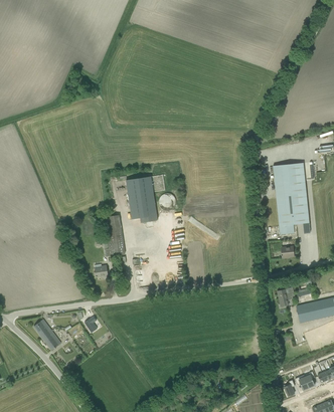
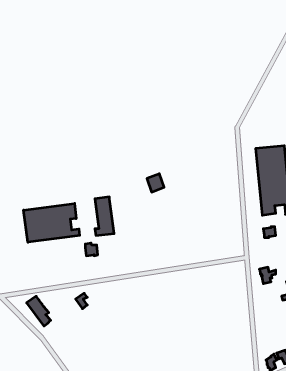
building: [126,176,157,222] -> none
building: none -> [24,203,80,242]

